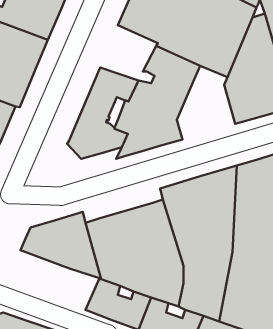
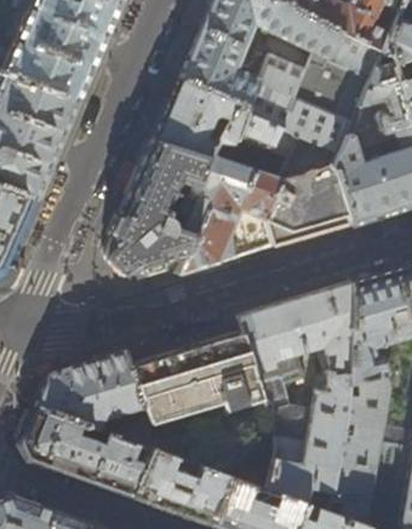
building: none -> [154,80,238,161]
building: none -> [265,156,350,247]
building: none -> [22,408,153,495]

